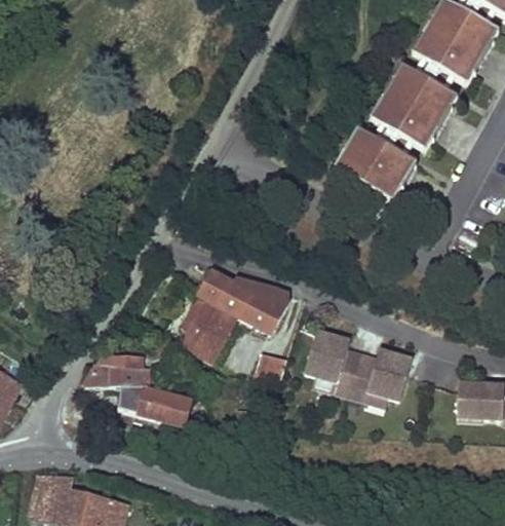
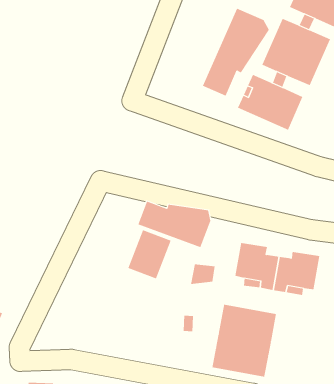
building: none -> [202,8,269,96]
building: [80,352,192,428] -> none
building: none -> [212,304,277,378]

